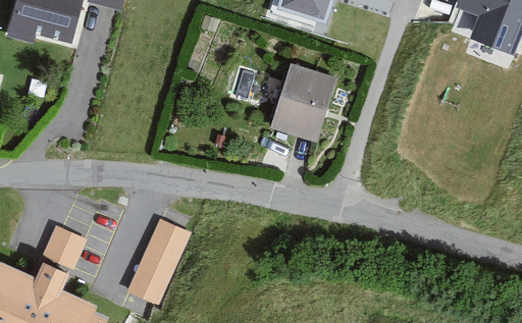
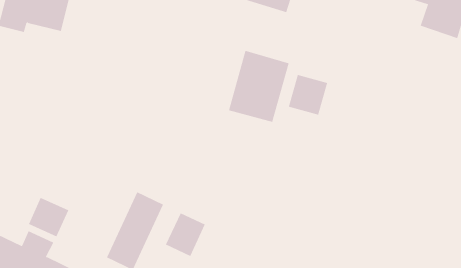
building: none -> [288,74,328,115]
building: none -> [165,212,206,257]

